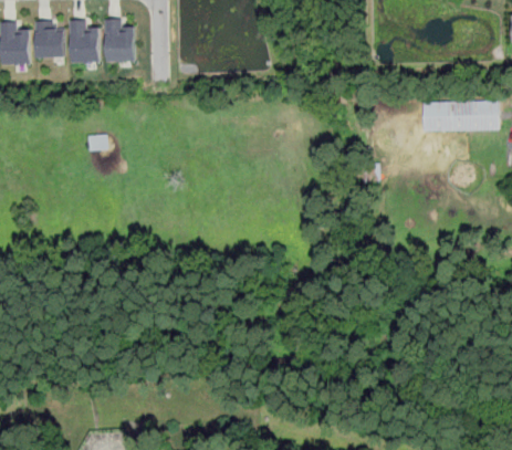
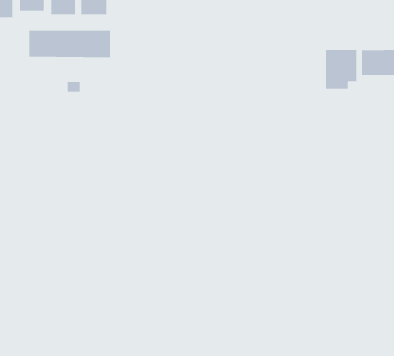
building: none -> [29,30,111,58]
building: none -> [326,49,357,89]

